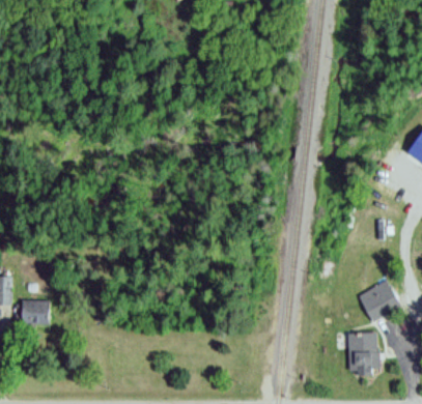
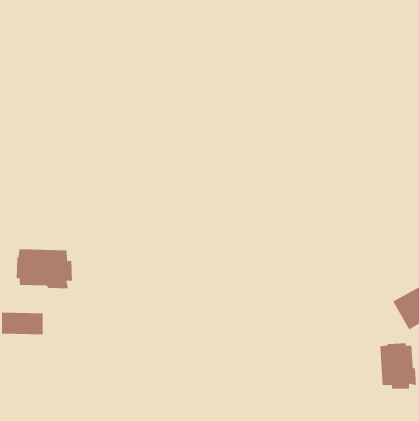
building: none -> [16,249,73,289]

